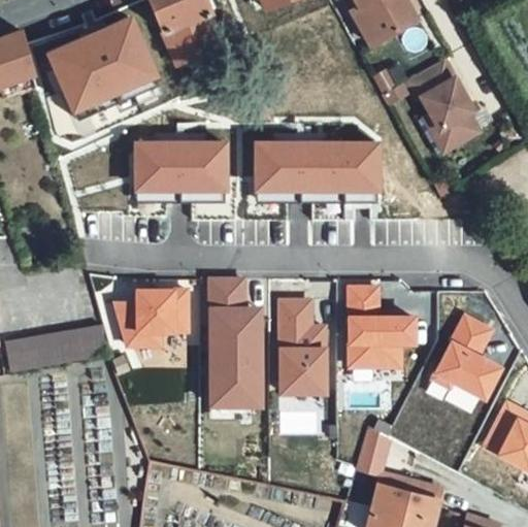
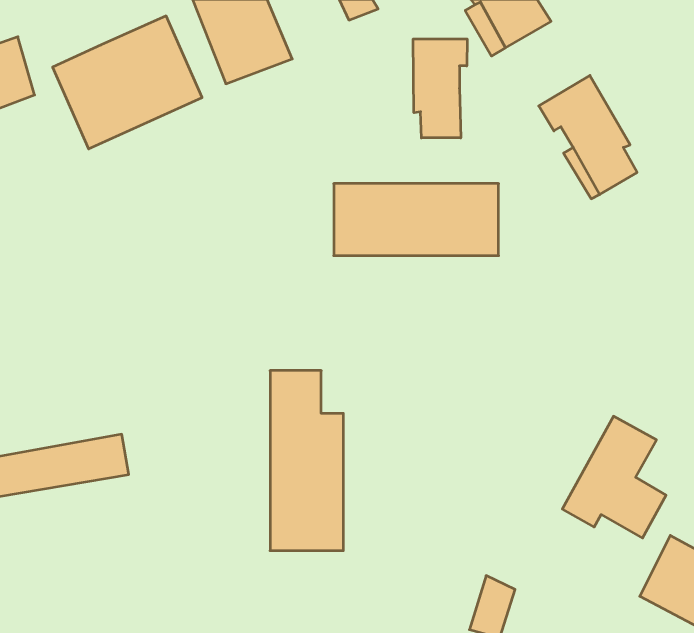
building: none -> [413,39,467,138]
building: [134,139,227,192] -> none
building: [346,287,416,370] -> none
building: [112,289,191,350] -> none
building: [279,301,327,396] -> none

